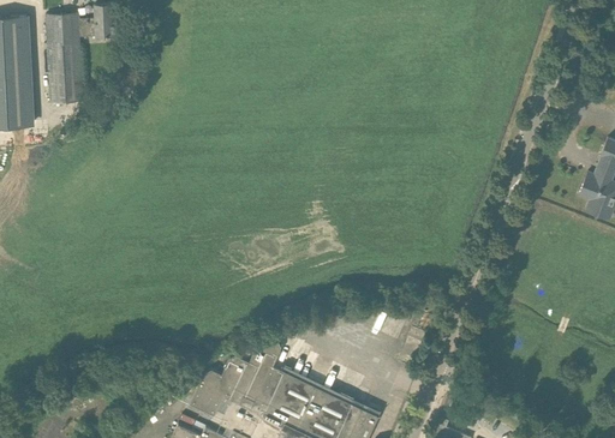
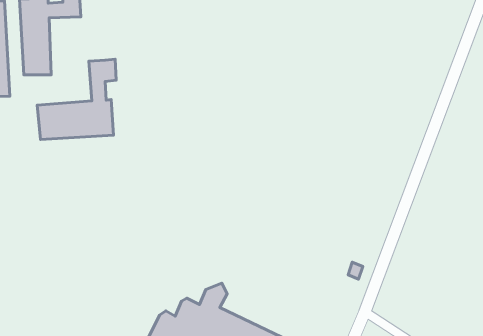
building: none -> [37,59,116,139]

